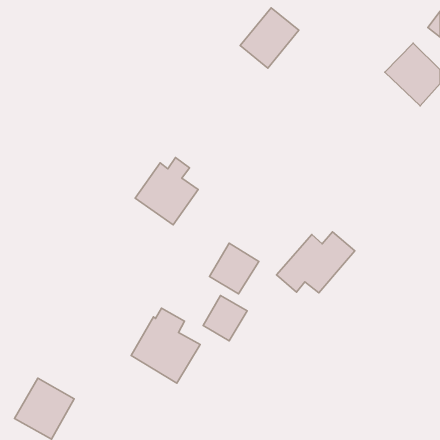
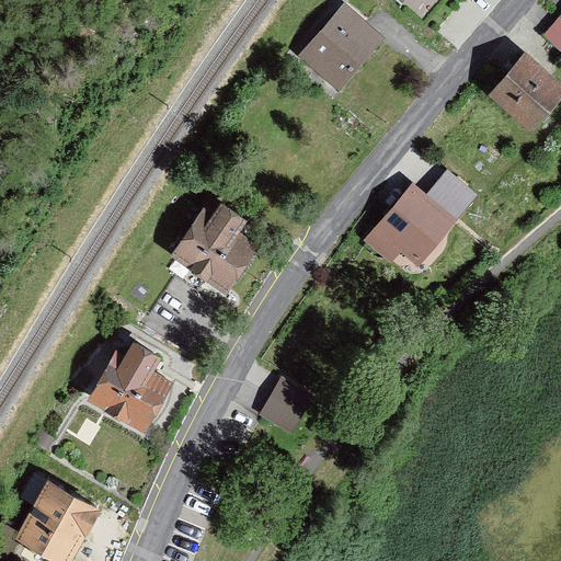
building: [277,232,355,293] -> [367,184,467,262]
building: [209,243,259,294] -> none
building: [131,308,200,383] -> [79,336,167,432]

